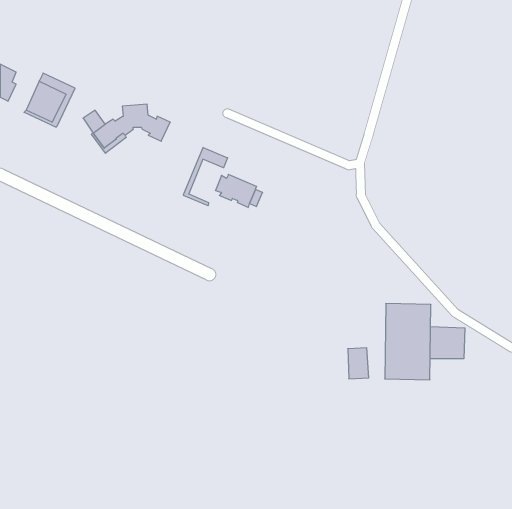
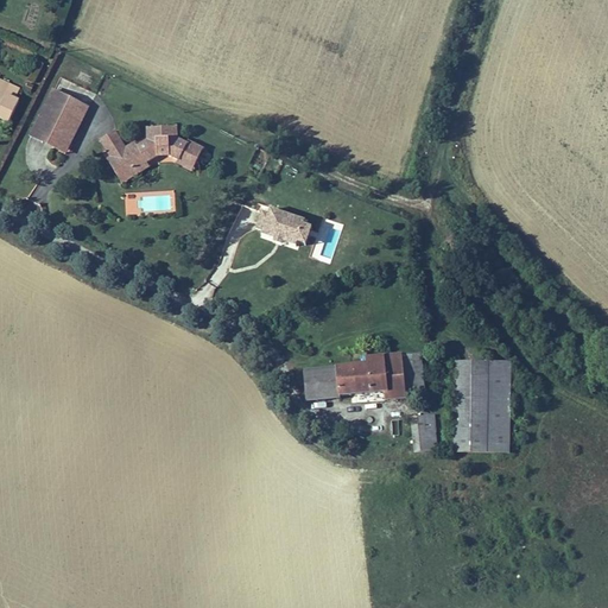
building: [183,147,228,206] -> none
building: none -> [303,350,426,401]
building: [430,327,465,359] -> none

